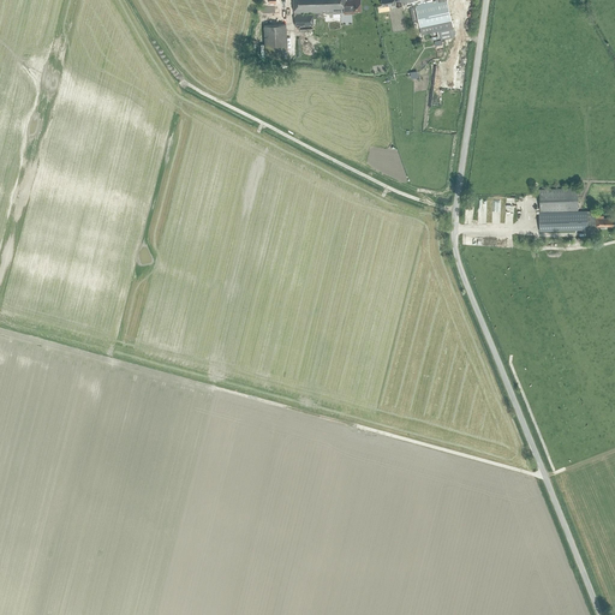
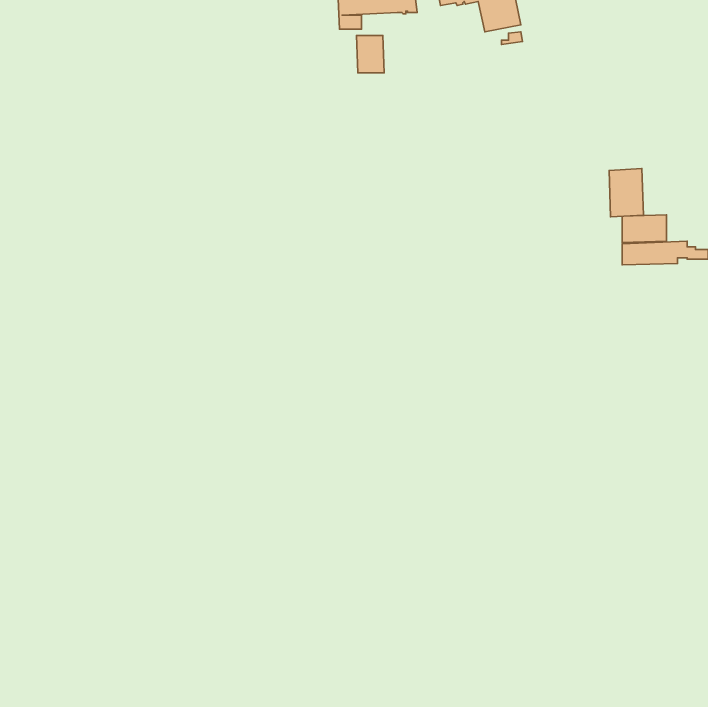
building: [263,24,287,56] -> [356,36,384,73]
building: none -> [609,169,643,217]

